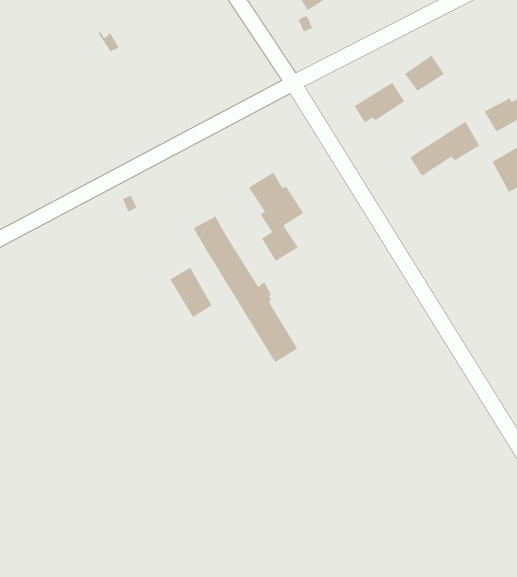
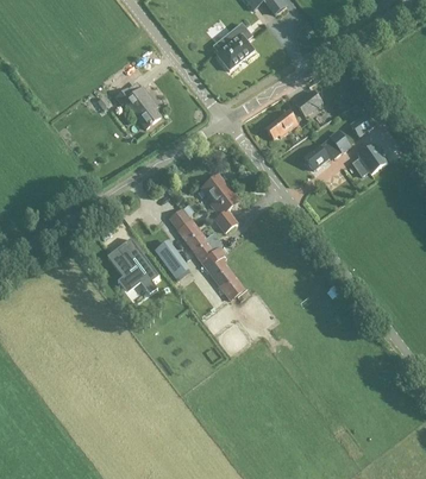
building: none -> [113,80,158,127]
building: none -> [107,238,158,288]

